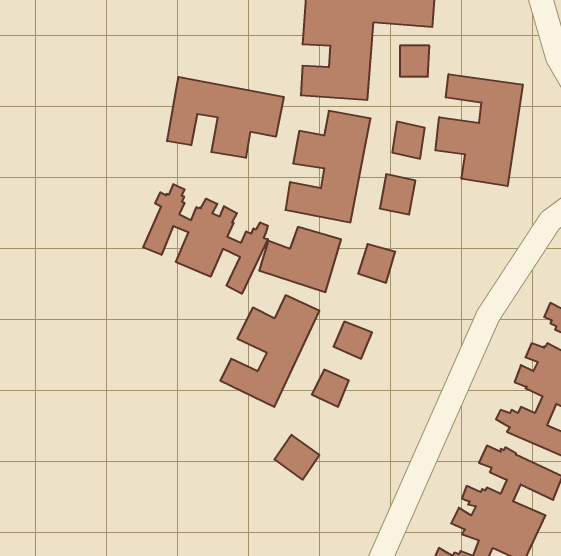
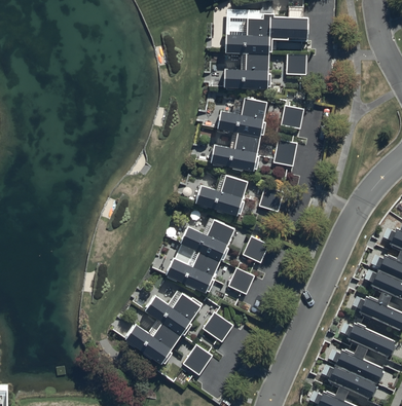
building: [435,74,523,186] -> none
building: [167,77,284,158] -> none
building: [143,184,268,294] -> none
building: none -> [123,291,199,366]
building: none -> [184,345,212,374]

